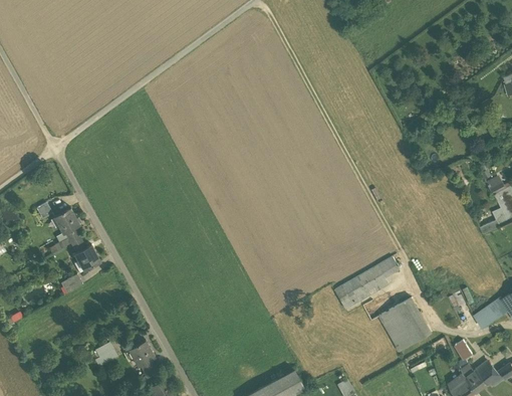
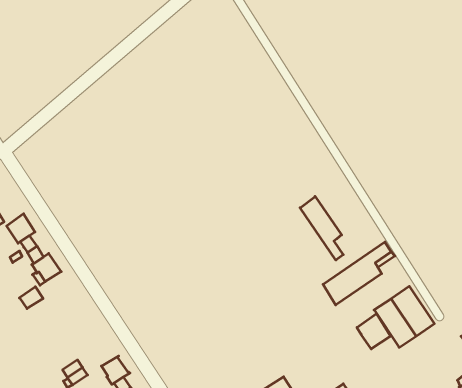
building: none -> [300,196,343,260]
building: none -> [357,313,390,349]

